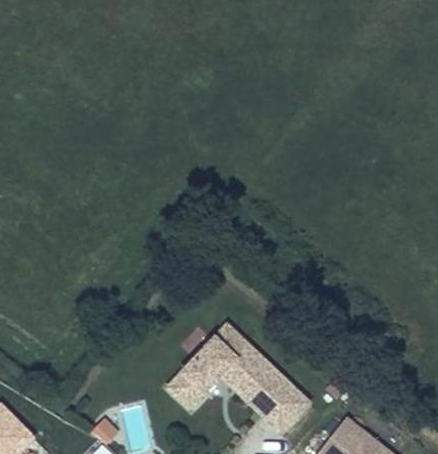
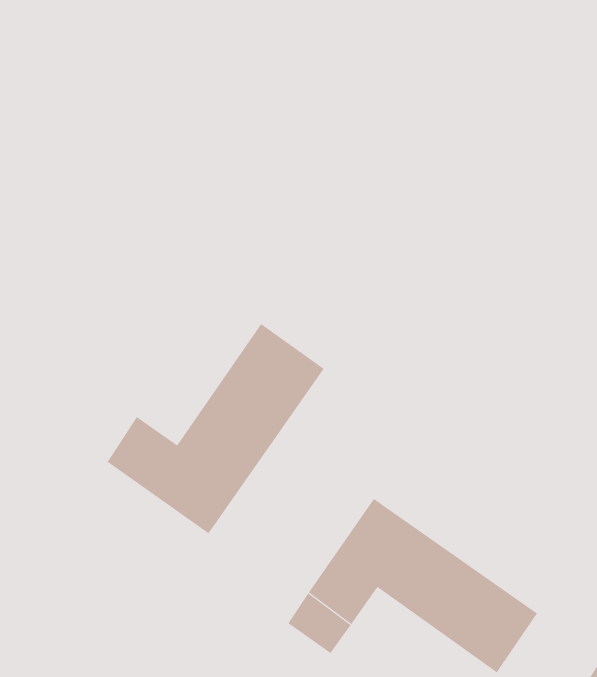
building: none -> [107,323,325,534]

